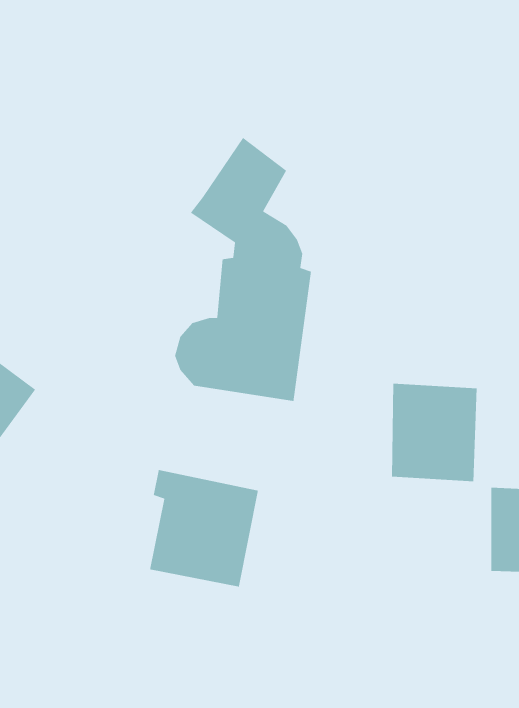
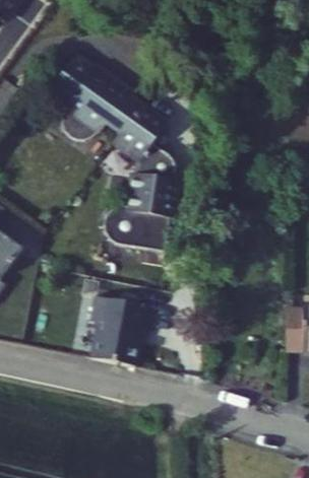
building: none -> [50,52,141,139]
building: [391,383,477,482] -> none

